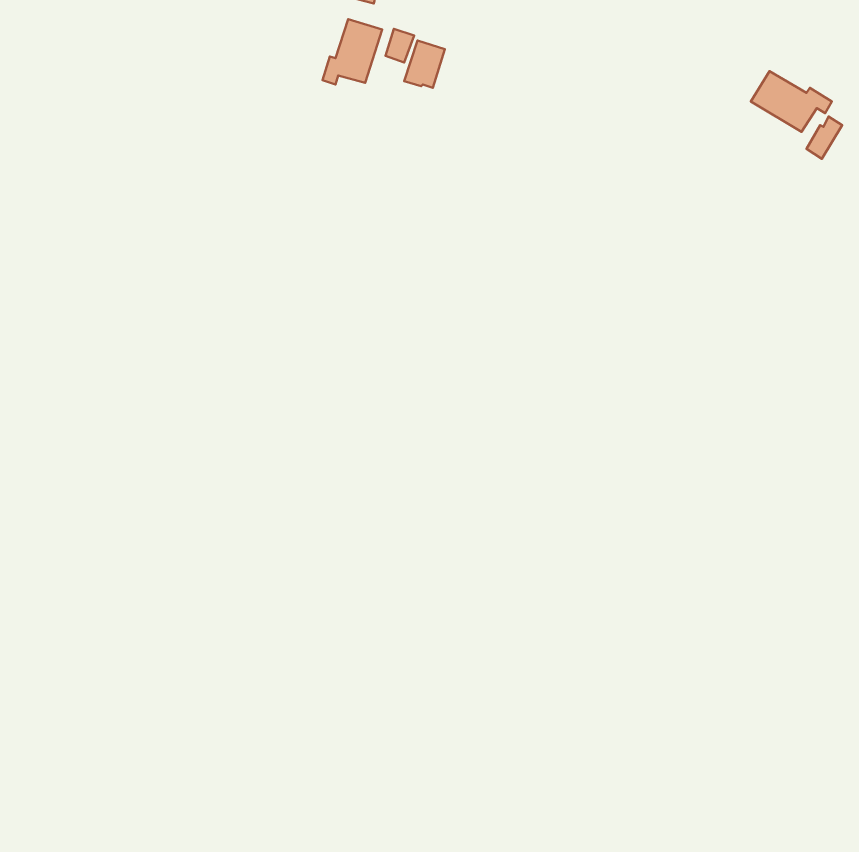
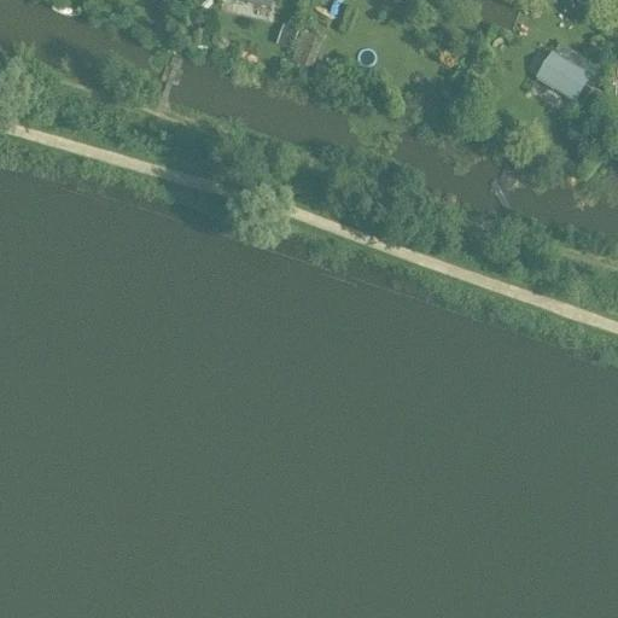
building: [323,19,382,84] -> none

